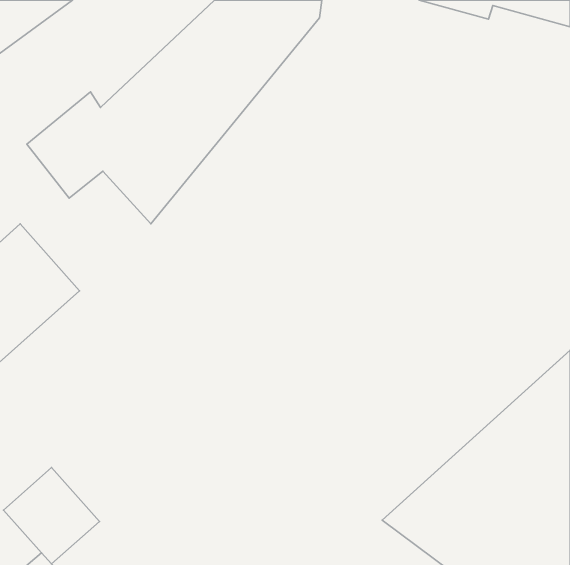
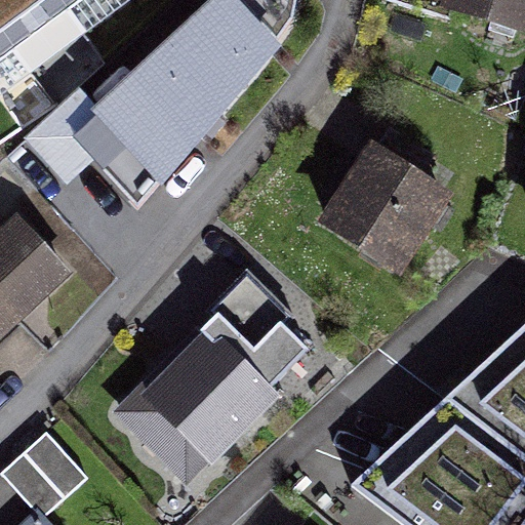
building: none -> [318,131,455,273]
building: none -> [113,276,309,486]

